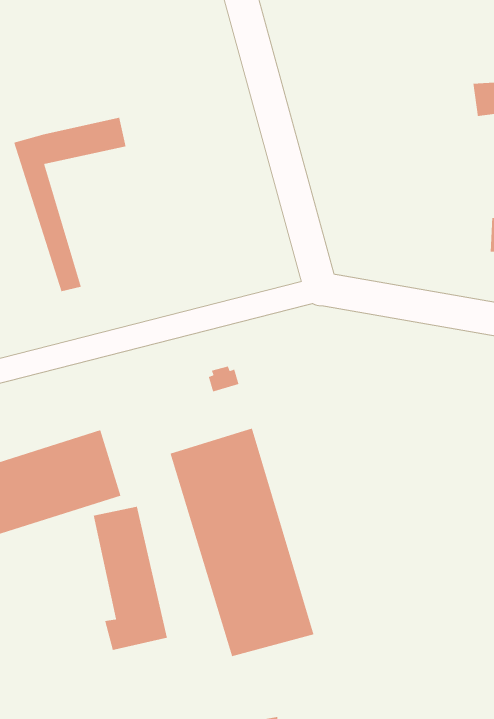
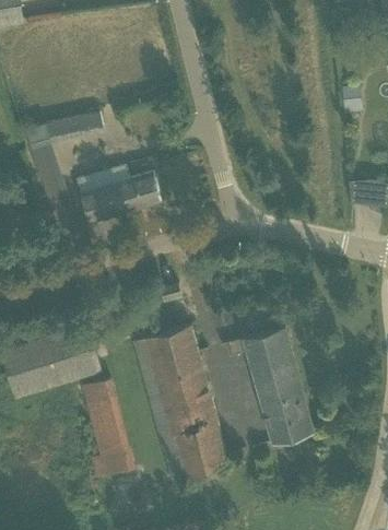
building: none -> [75,165,161,223]
building: none -> [224,326,313,440]

